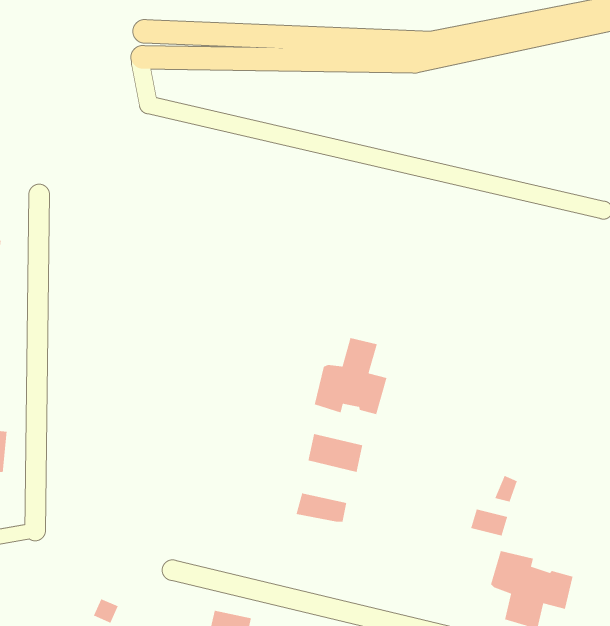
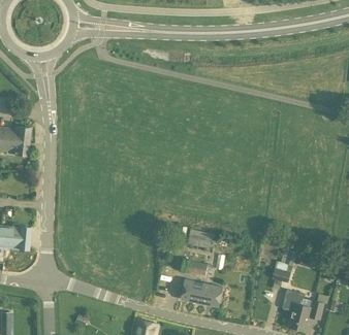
building: [314,337,388,415] -> none
building: none -> [182,278,222,305]

